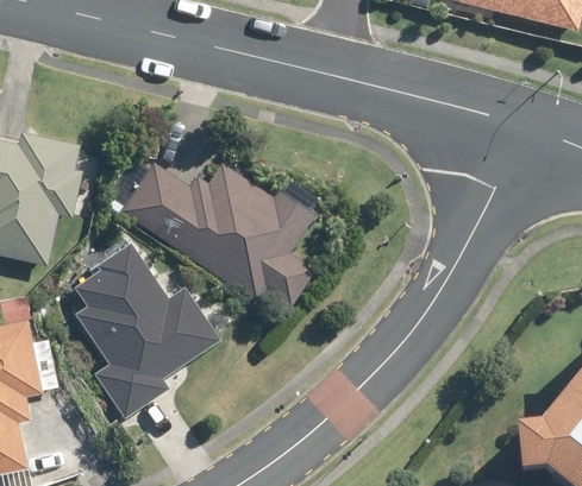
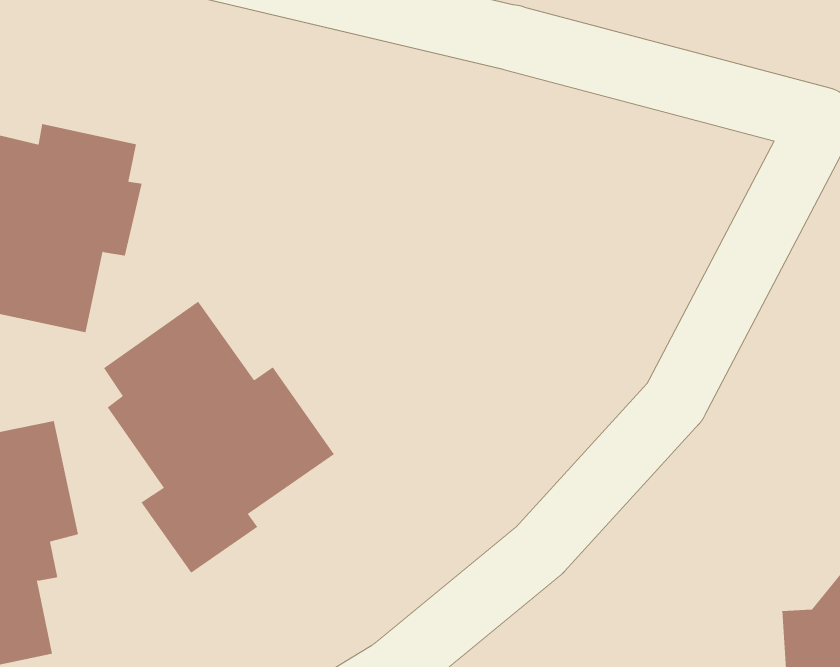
building: [125,159,325,303] -> none

